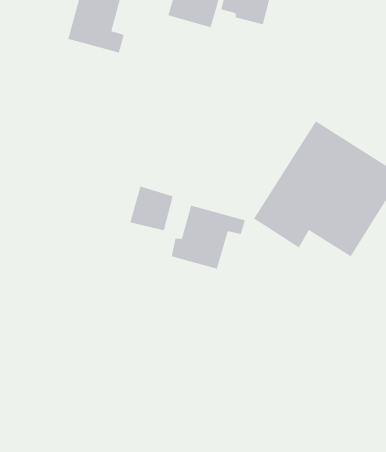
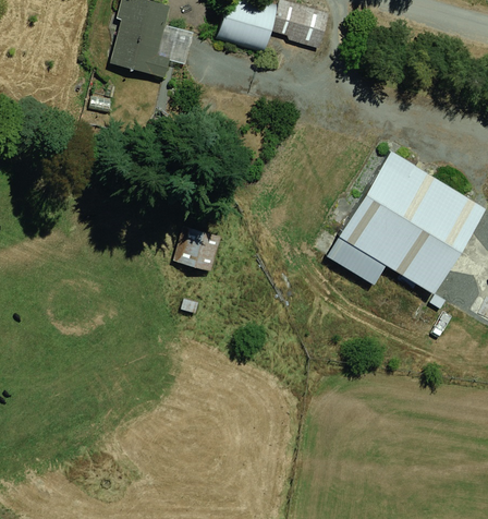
building: [171,205,245,270] -> none

